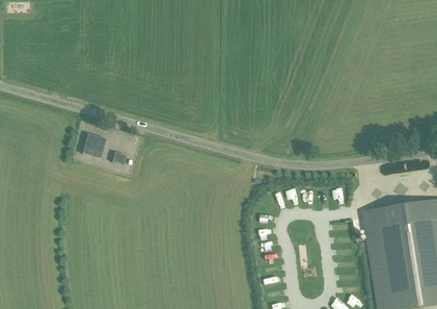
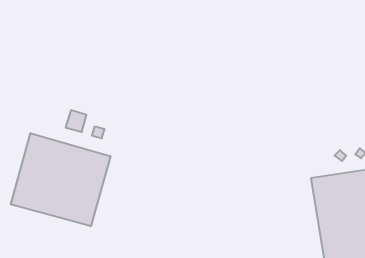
building: none -> [11,133,110,226]

